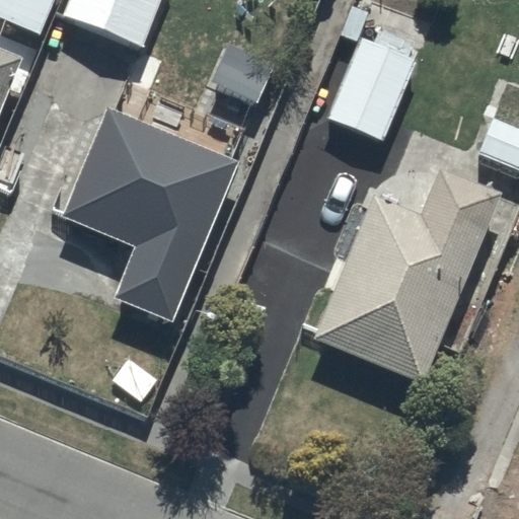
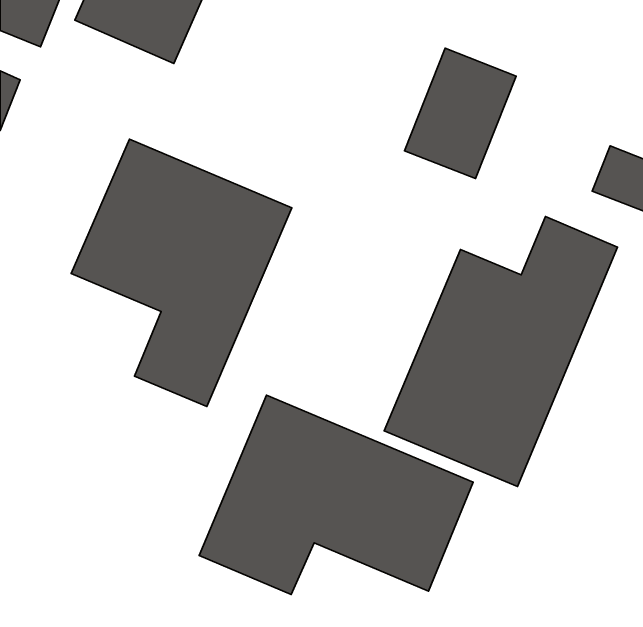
building: none -> [199,395,473,594]

